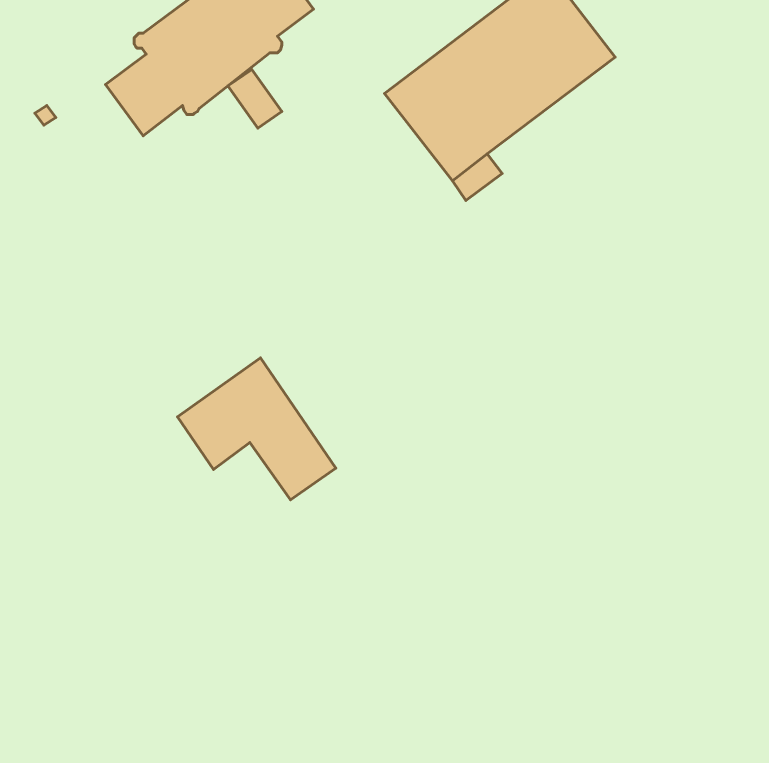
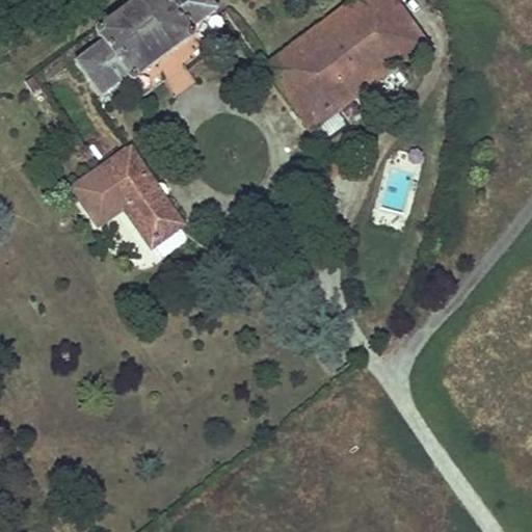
building: [177,358,336,500] -> [72,144,181,242]

